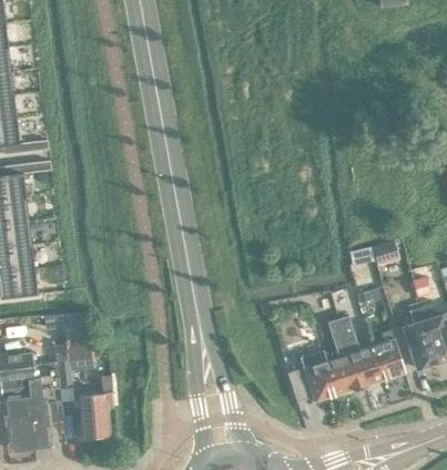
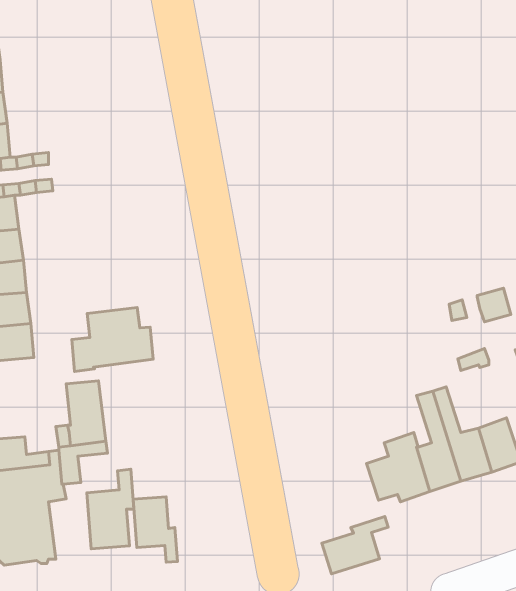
building: none -> [72,307,153,371]
building: none -> [133,497,178,562]
building: none -> [322,516,388,574]

